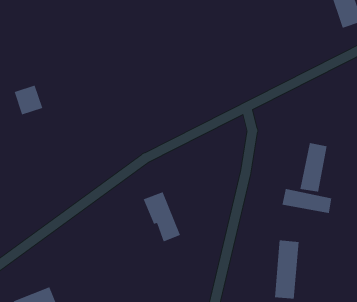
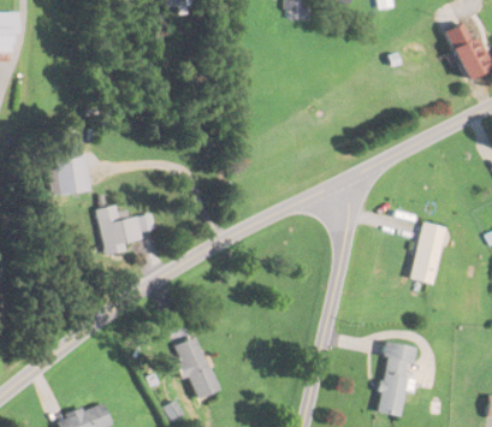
building: none -> [97,203,142,253]
building: [282,188,332,214] -> none
building: [143,191,181,242] -> [172,336,219,398]

